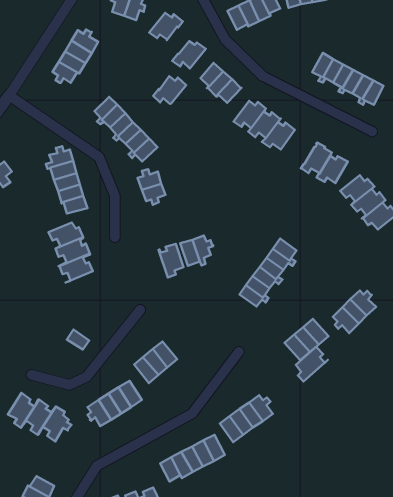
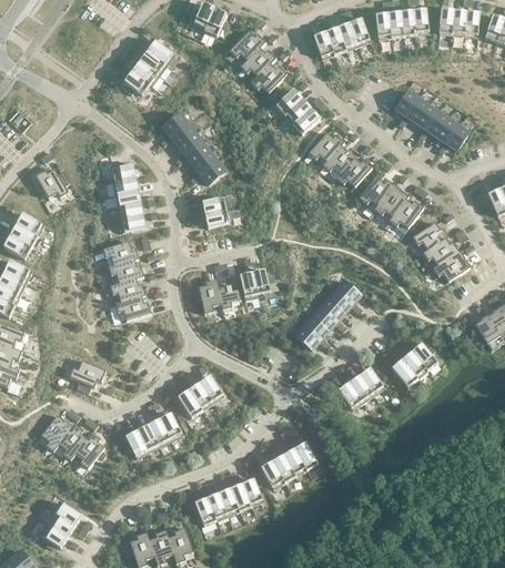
building: [153,76,186,104] -> [239,47,274,75]
building: none -> [357,175,392,204]
building: none -> [192,278,221,313]
building: none -> [113,294,149,321]
building: none -> [68,359,104,392]
building: [296,346,328,381] -> none

